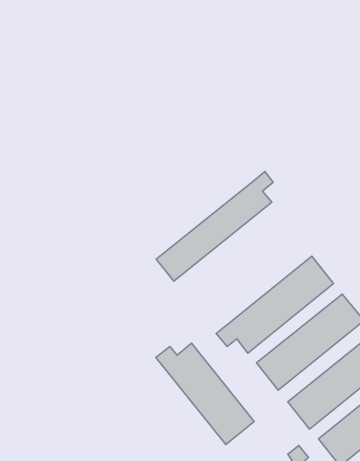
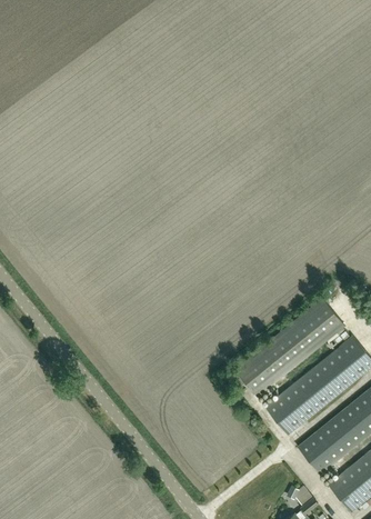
building: [156,171,273,281] -> none
building: [156,343,254,445] -> none

